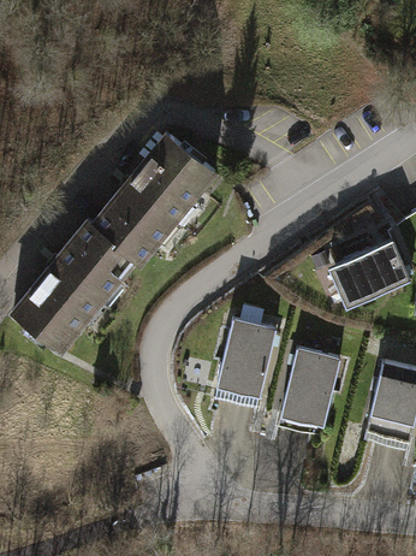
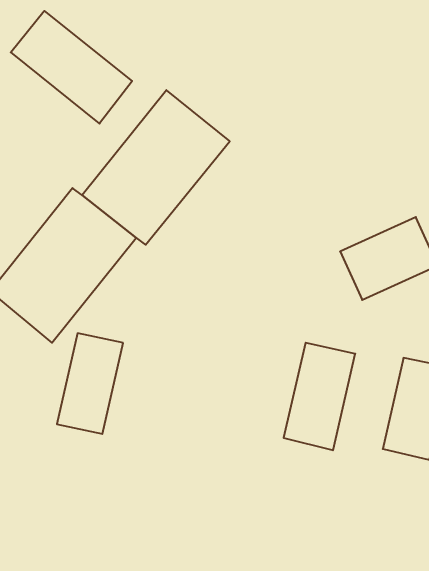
building: none -> [11,11,132,124]
building: [215,315,273,403] -> [57,333,123,434]

